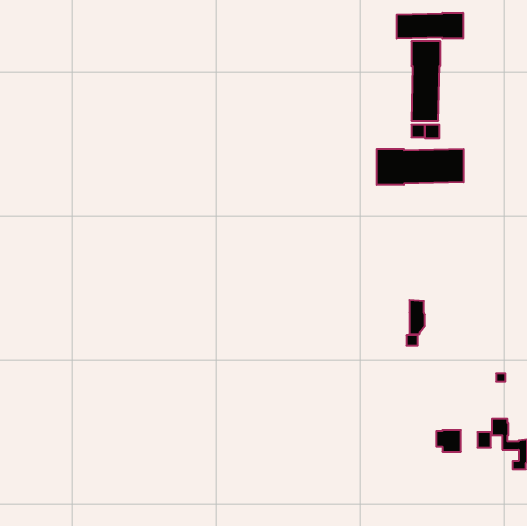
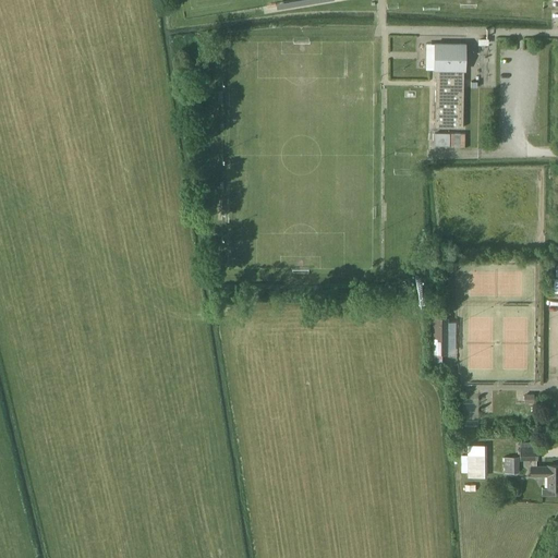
building: [397,13,463,39] -> none
building: [377,149,464,185] -> none

